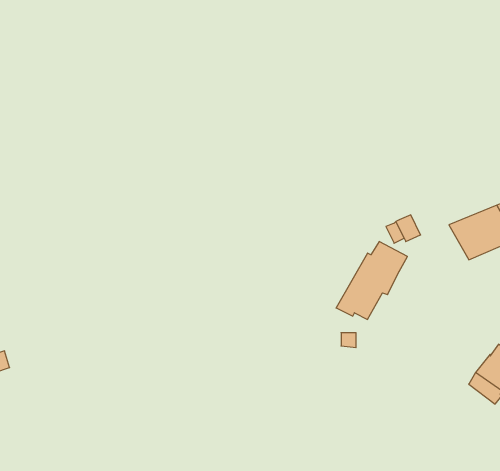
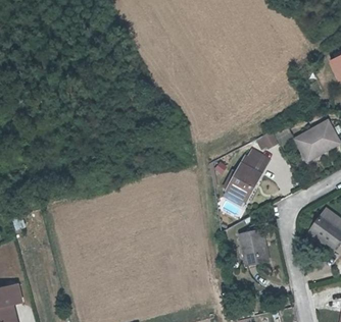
building: none -> [240,230,266,266]

